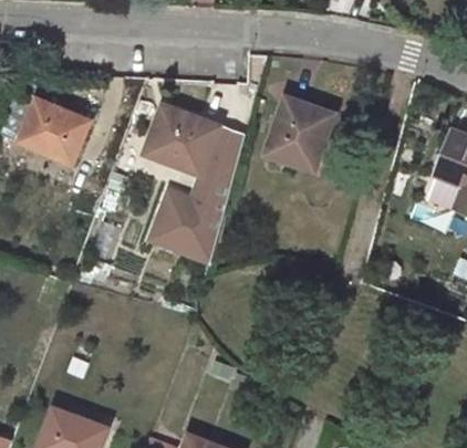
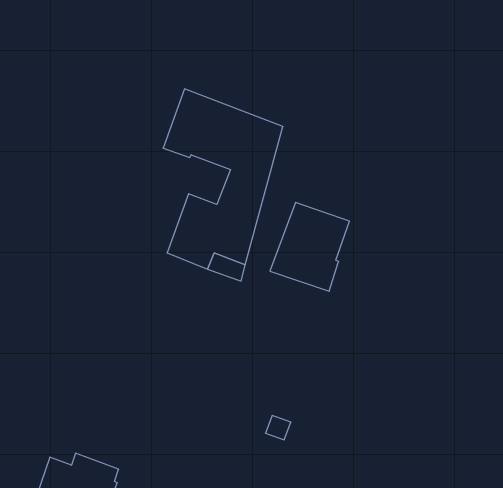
building: [263,97,329,170] -> [270,202,349,291]
building: [17,100,86,163] -> none

